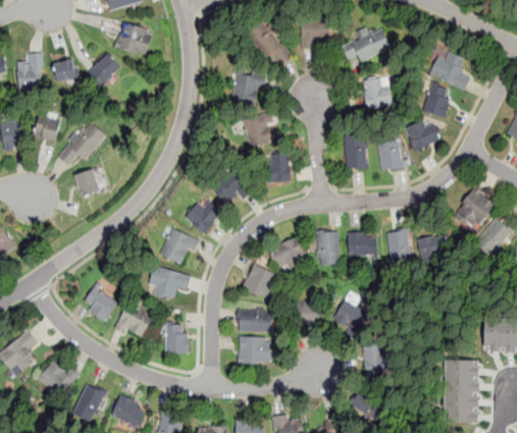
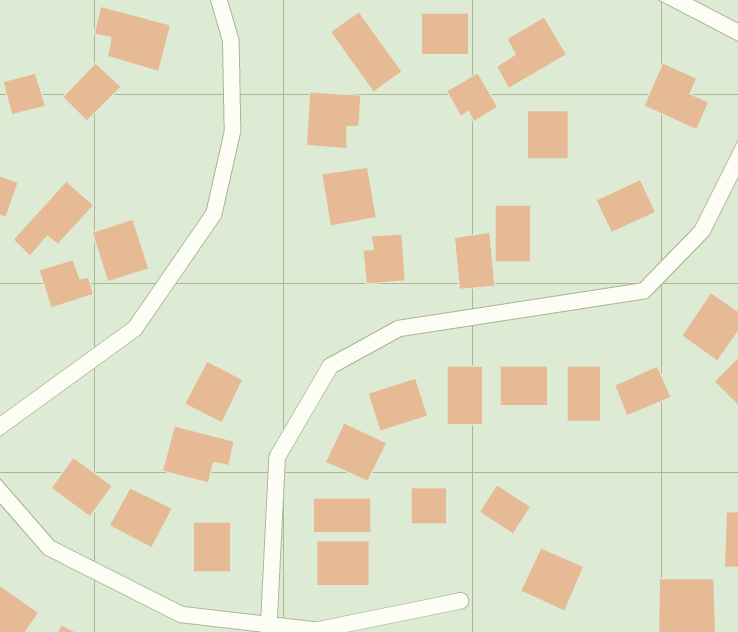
building: none -> [446,73,498,122]
building: [420,84,452,118] -> none
building: [377,137,402,170] -> [454,233,495,289]
building: none -> [92,219,149,282]
building: [212,170,249,207] -> none
building: [186,200,223,233] -> none

